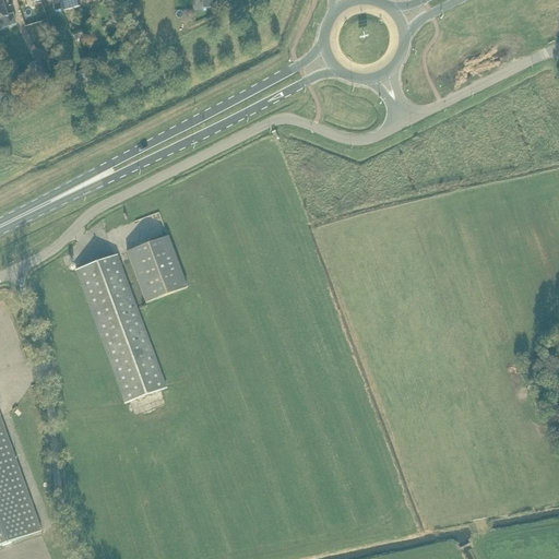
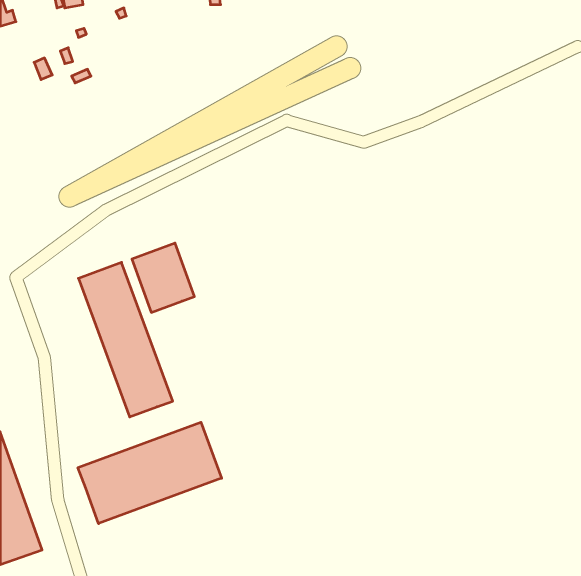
building: none -> [78,422,222,524]

